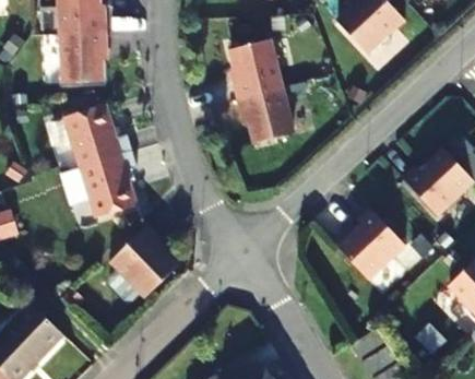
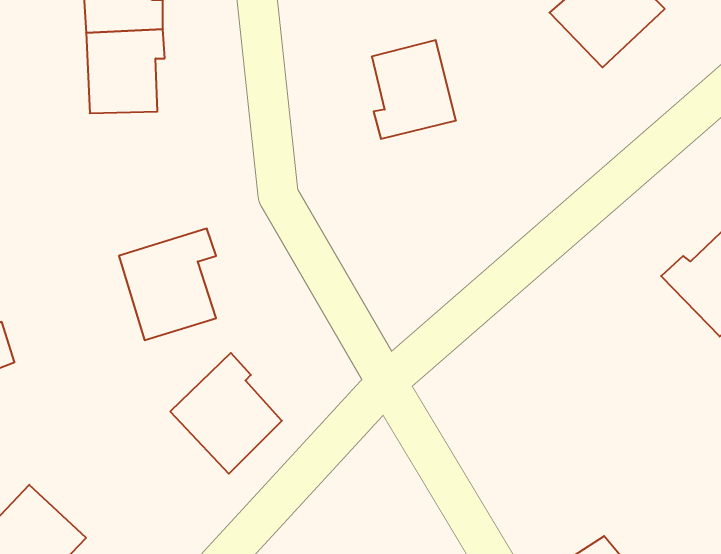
building: [236,87,293,144] -> none
building: [63,104,132,168] -> none
building: [337,210,405,281] -> none

